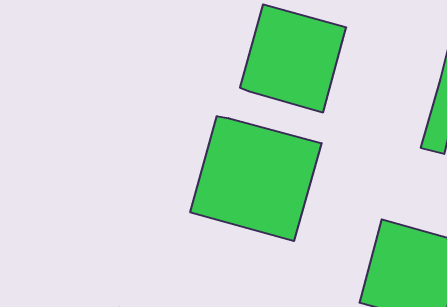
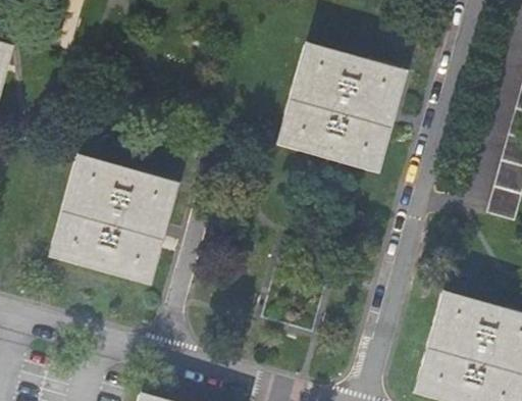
building: none -> [52,157,176,281]
building: [190,116,322,241] -> none

